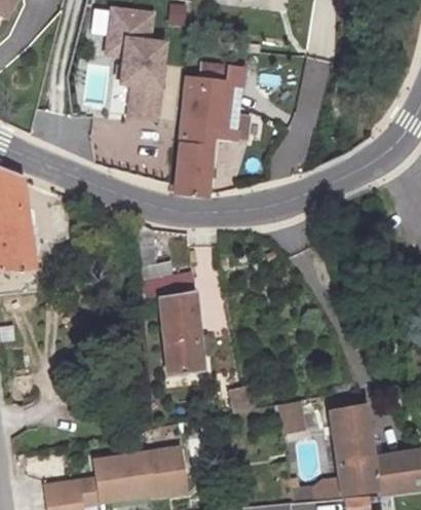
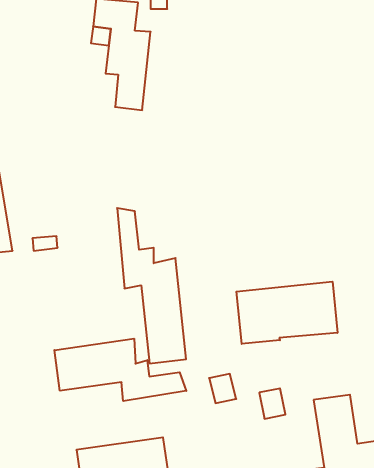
building: [179,63,252,195] -> none
building: none -> [236,282,337,344]
building: none -> [54,339,186,401]

